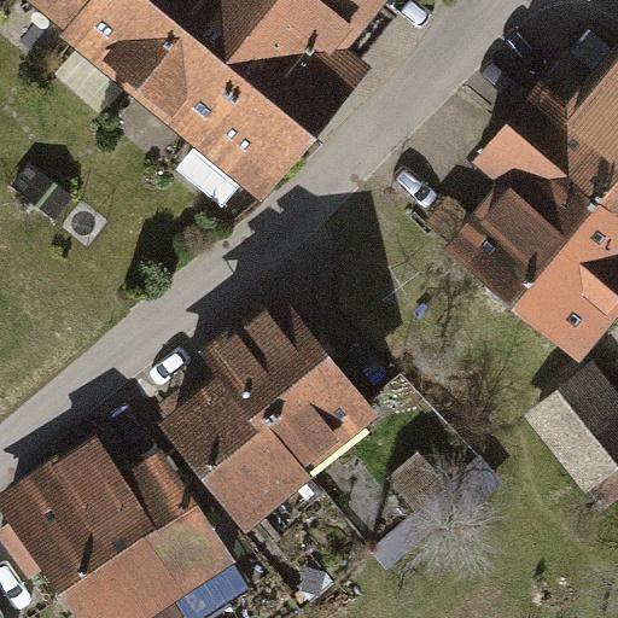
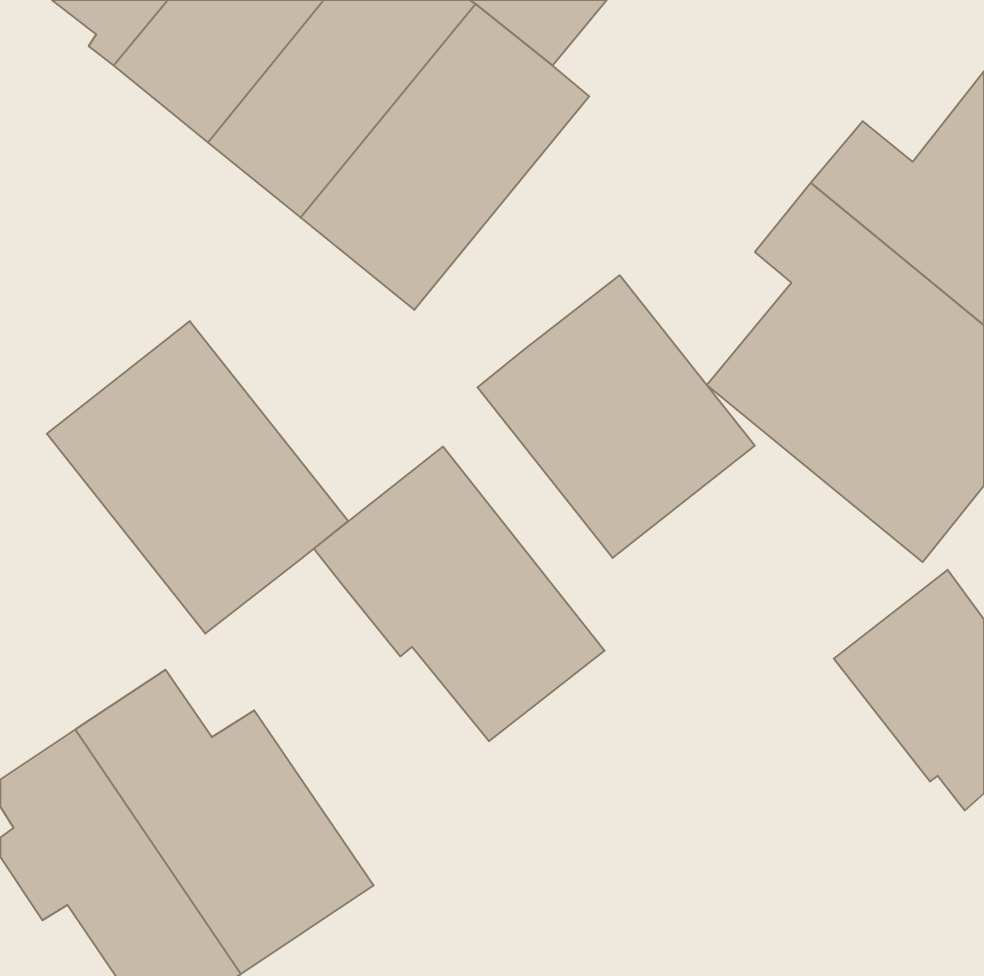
building: none -> [477,275,755,558]
building: none -> [47,321,348,634]
building: [156,372,311,529] -> none

